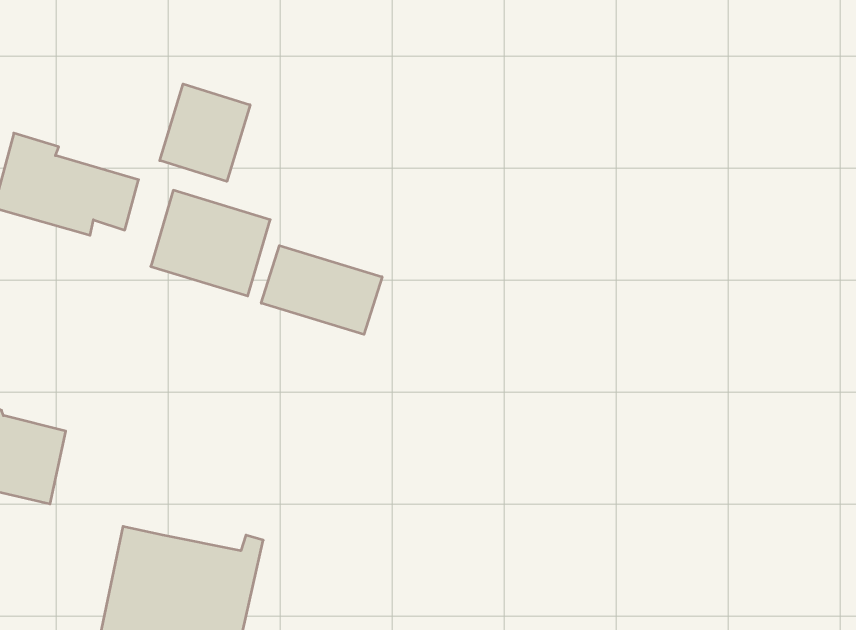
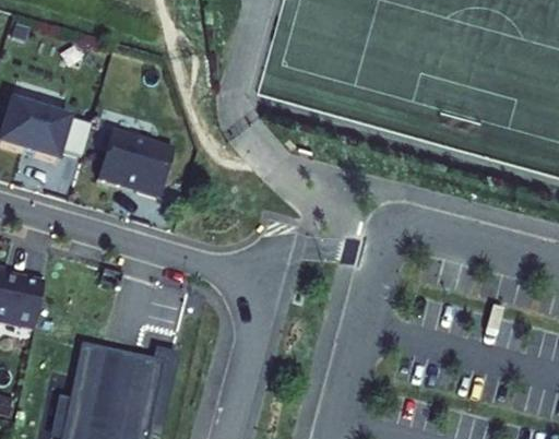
building: [160,84,250,181] -> none
building: [261,246,382,334] -> none

